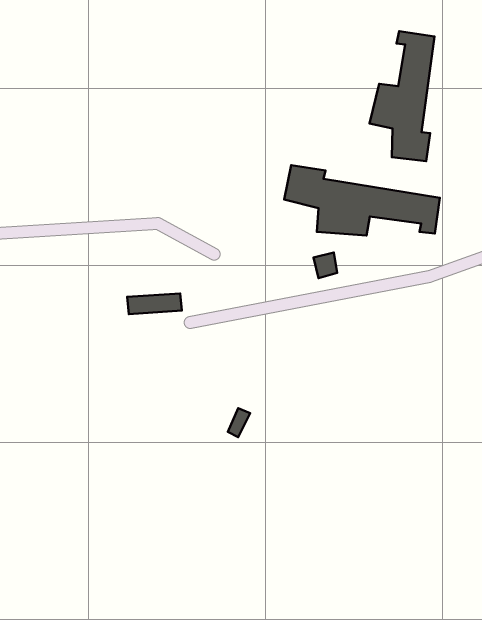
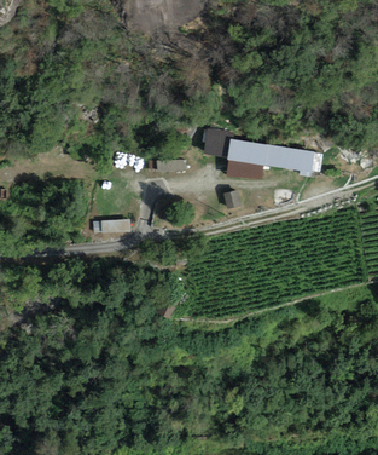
building: [369,31,435,161] -> none

